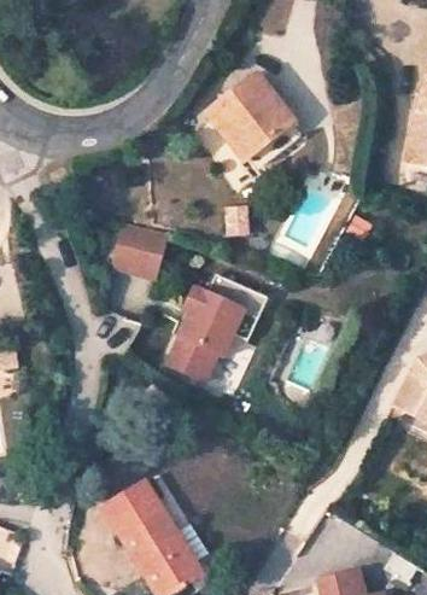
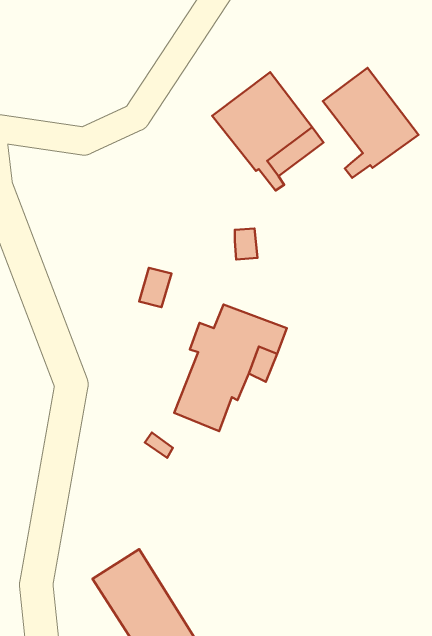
building: none -> [323,68,419,178]
building: [119,223,172,272] -> none

